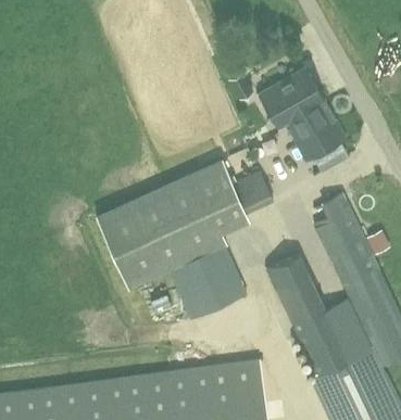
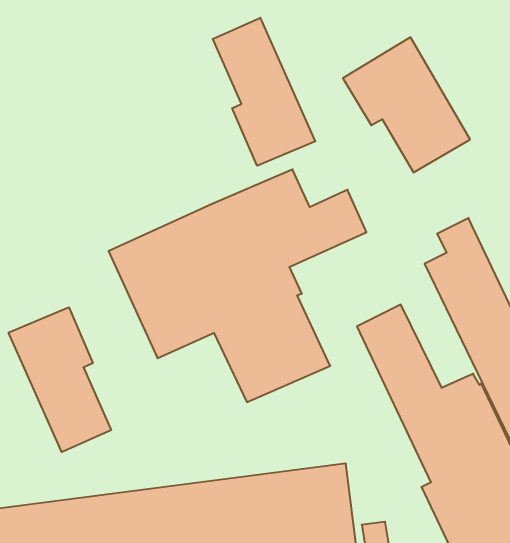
building: none -> [213,18,315,166]
building: none -> [9,307,111,452]

